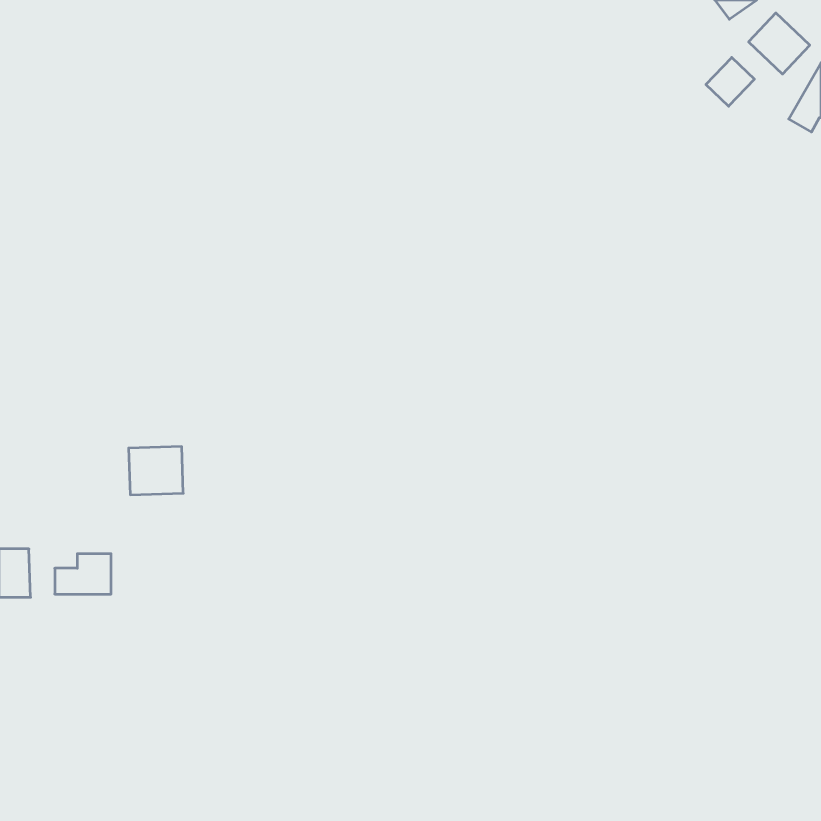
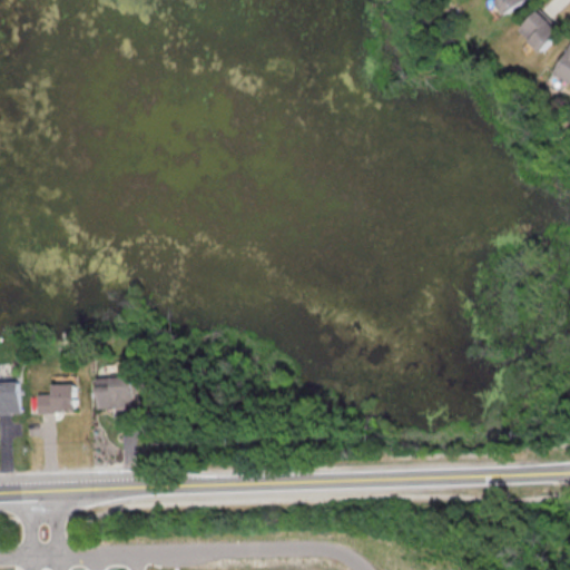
building: [706,57,754,106] -> none
building: [129,447,183,495] -> [96,376,134,410]

